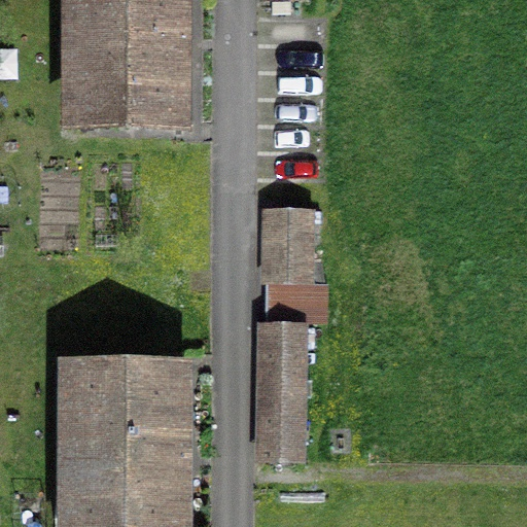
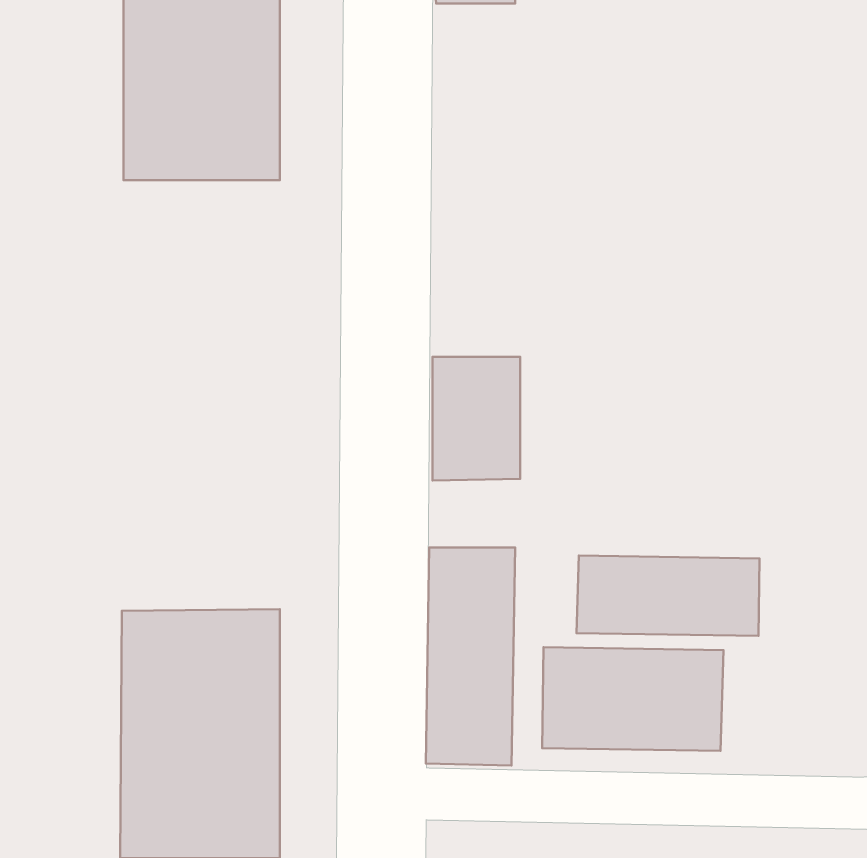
building: none -> [577,556,759,636]
building: none -> [542,647,723,751]

